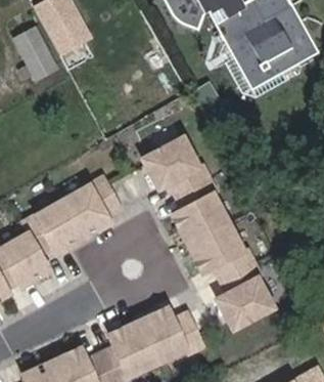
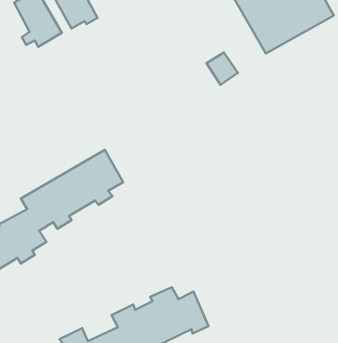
building: [145,138,268,325] -> none

